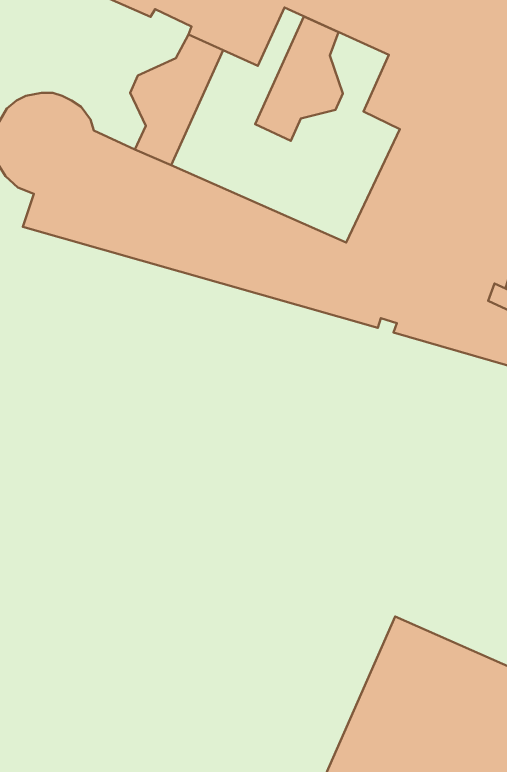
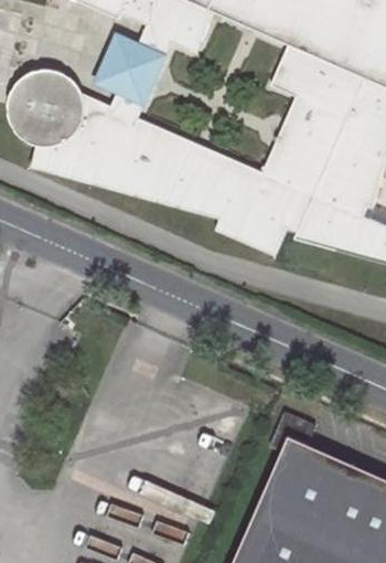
building: [255,16,343,141] -> none

